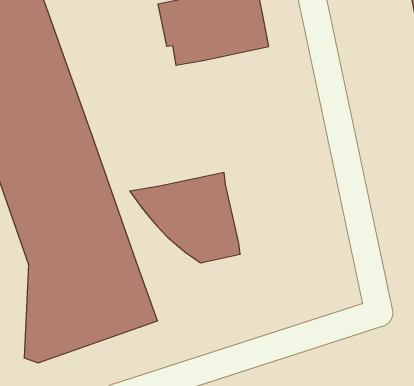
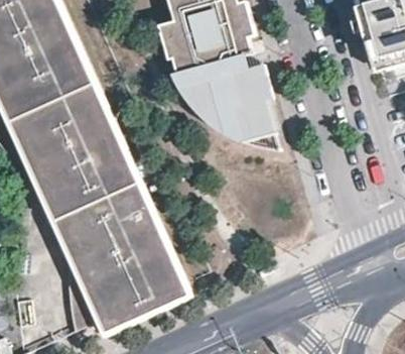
building: [130,172,240,263] -> [180,64,276,140]

